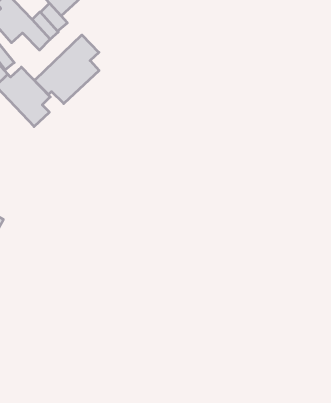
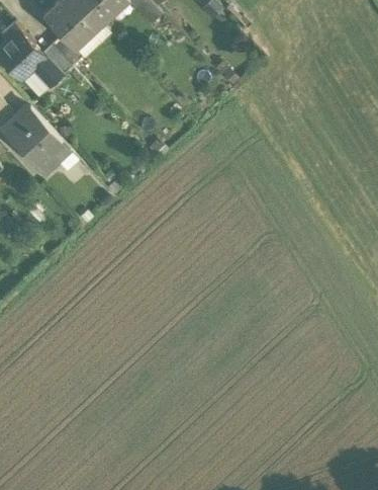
building: [34,35,99,104] -> none

